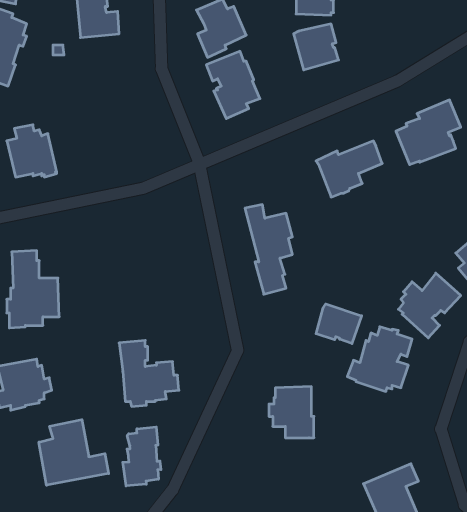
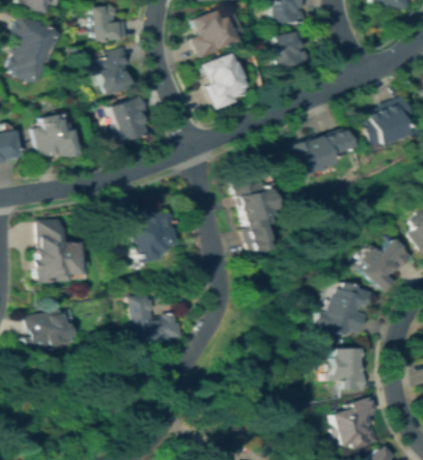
building: none -> [98,47,133,93]
building: none -> [112,95,150,141]
building: none -> [118,210,171,262]
building: [316,304,362,344] -> none
building: [269,387,314,438] -> [330,347,367,390]
building: [39,420,109,485] -> none
building: [123,427,161,486] -> none

